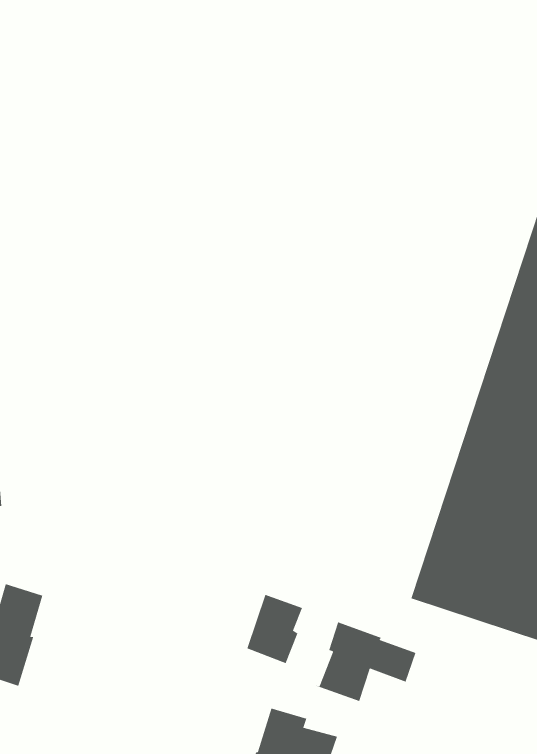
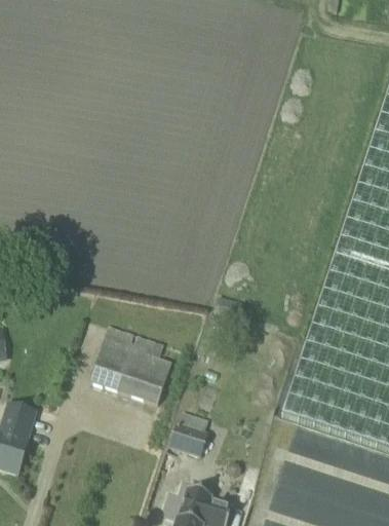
building: none -> [88,327,170,408]
building: [315,622,416,702] -> none

